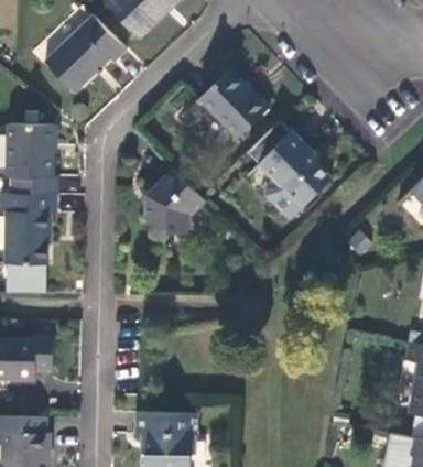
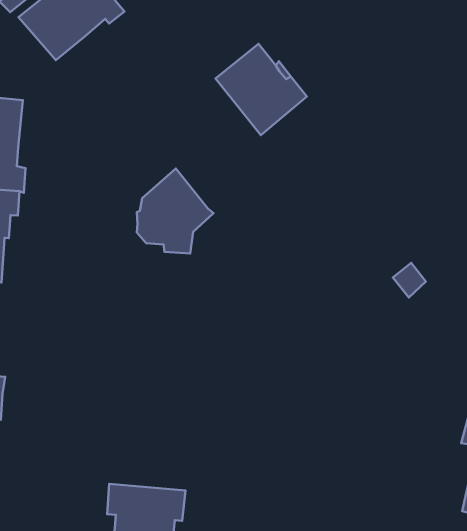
building: [257,131,330,219] -> none

